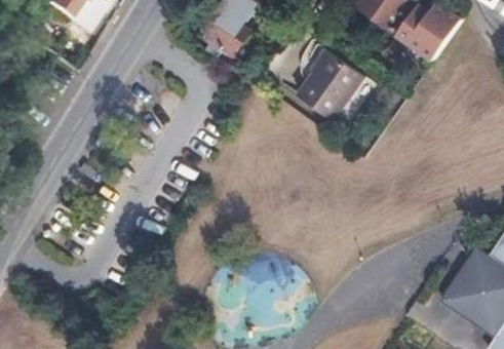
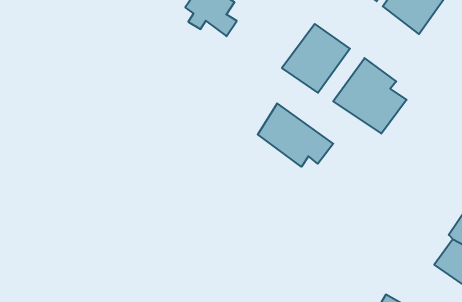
building: none -> [333,58,407,134]
building: none -> [258,103,333,167]

